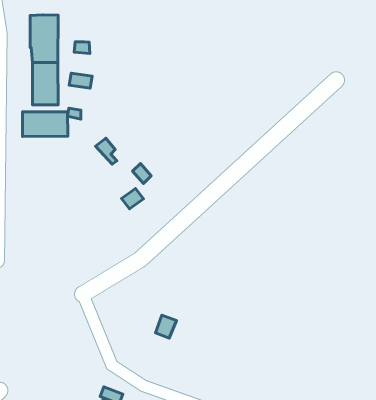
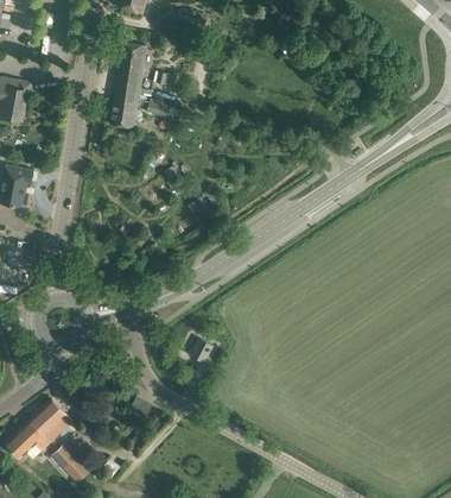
building: [23,112,68,136] -> none

